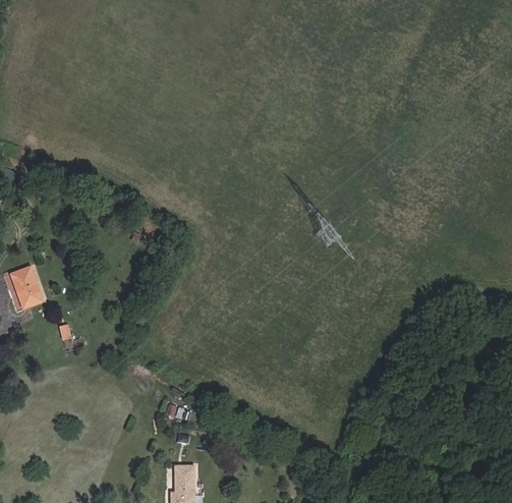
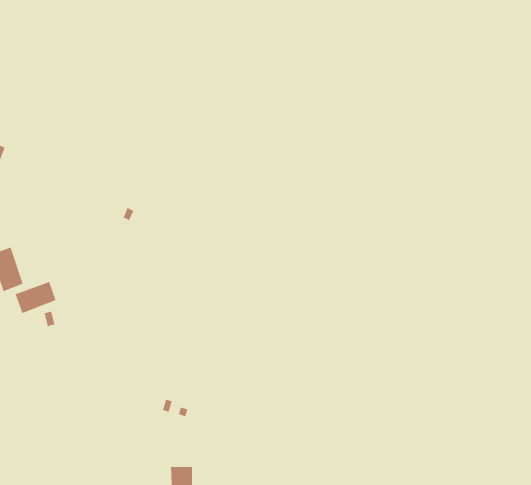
building: none -> [15,281,56,314]

